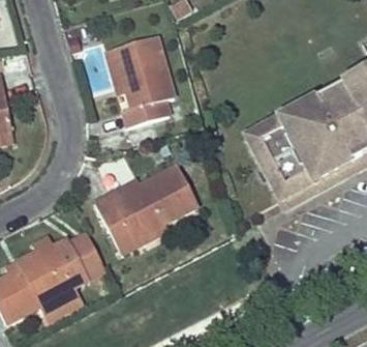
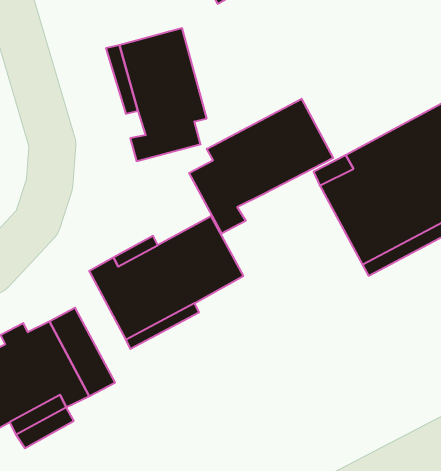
building: none -> [189,99,333,234]

